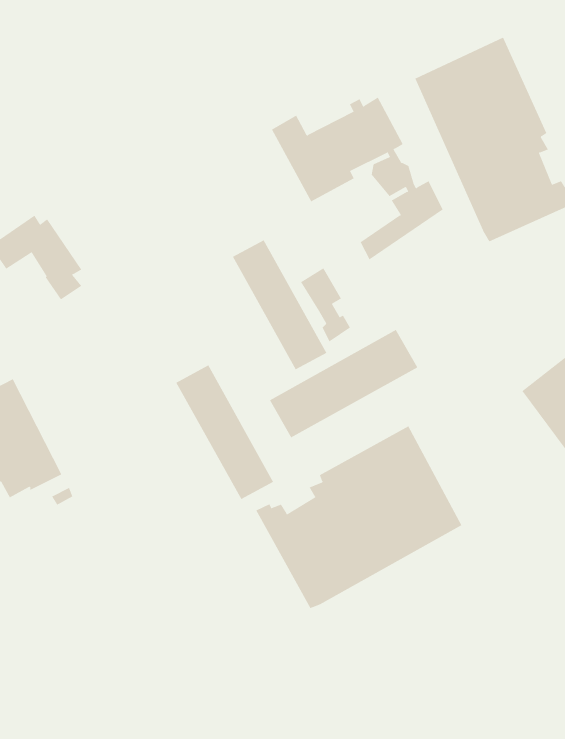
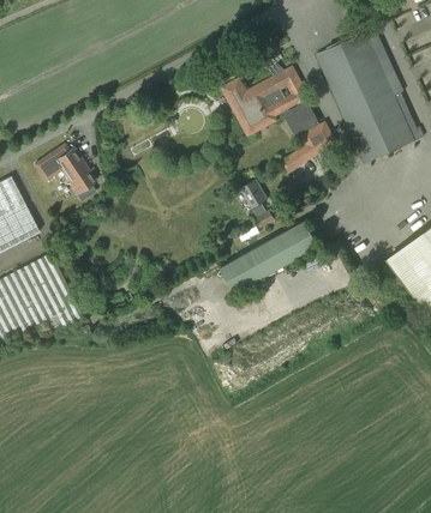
building: [232,239,327,370] -> none
building: [176,365,274,500] -> none
building: [255,426,462,609] -> none

